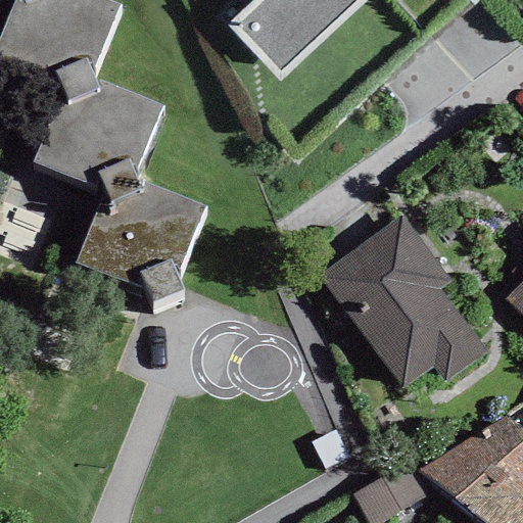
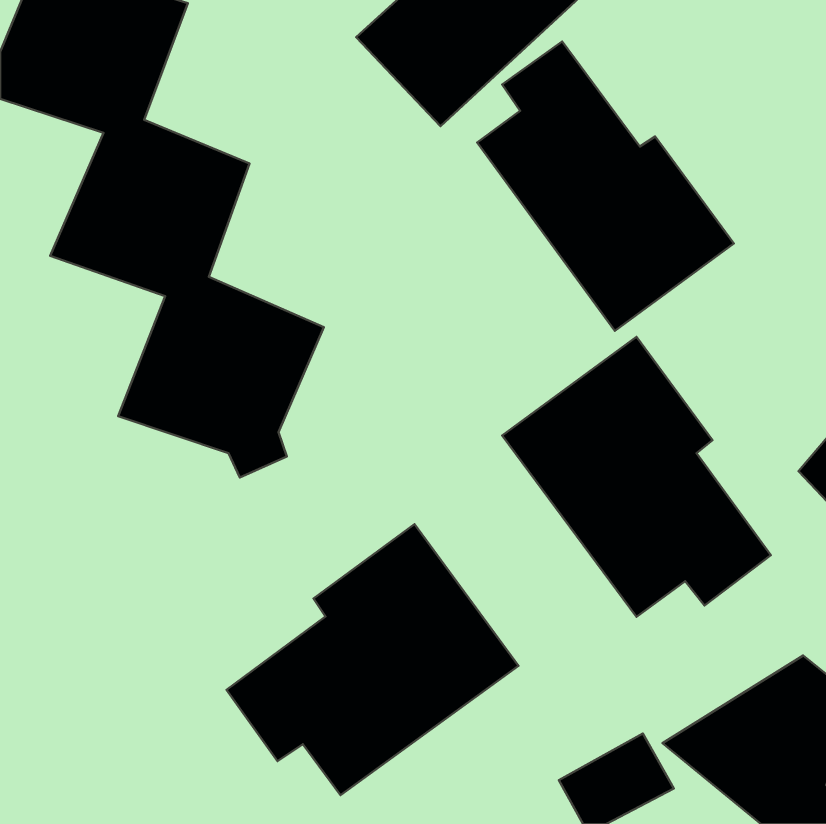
building: none -> [477,42,734,331]
building: none -> [227,524,518,795]

